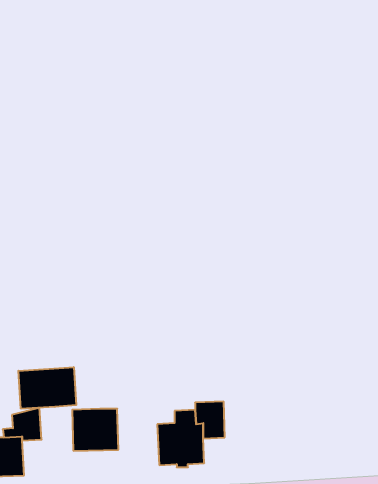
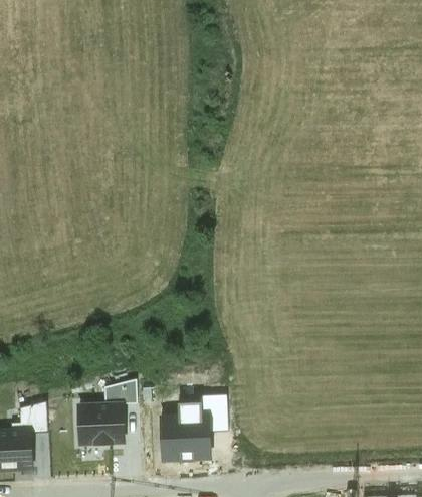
building: [18,367,76,409] -> none
building: none -> [104,381,136,403]

